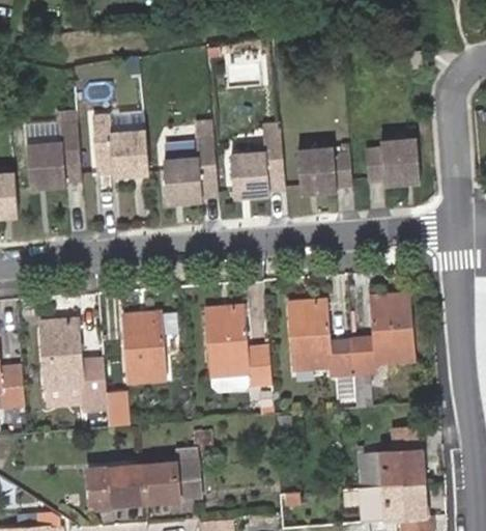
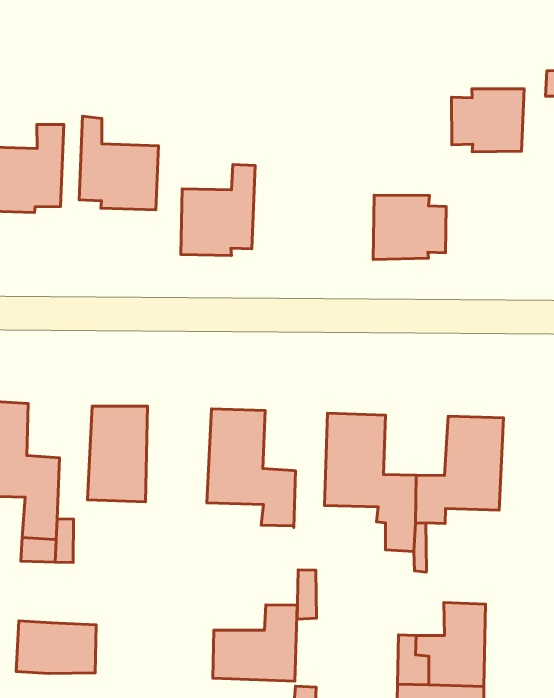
building: [234,132,287,199] -> none
building: [368,137,421,185] -> [451,89,524,152]
building: [141,445,201,502] -> [213,605,297,681]

